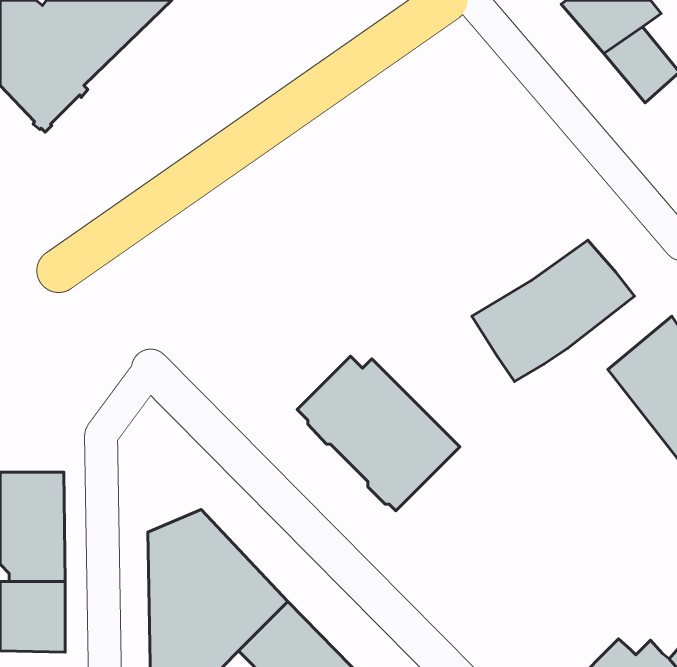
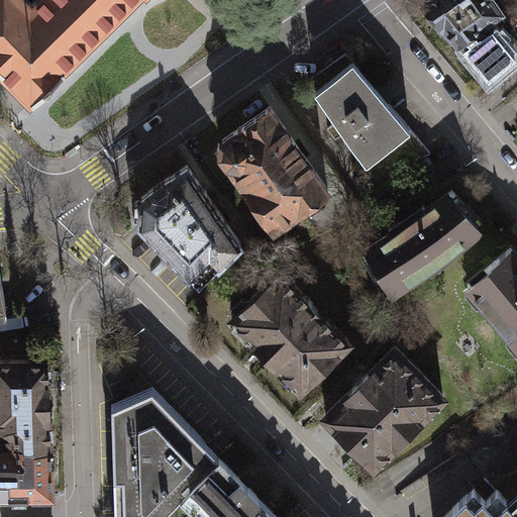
building: none -> [314,64,407,164]
building: none -> [211,105,327,233]
building: none -> [135,169,237,288]
building: none -> [317,344,449,479]

